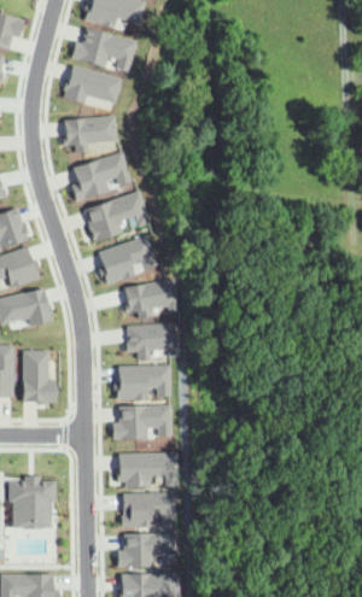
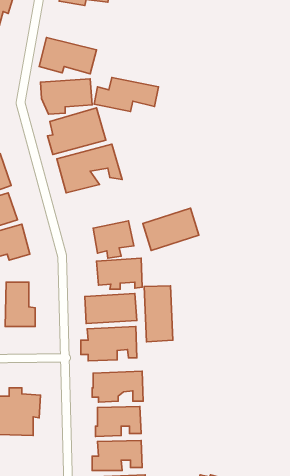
building: [64,30,139,70] -> [94,77,159,112]
building: [98,234,163,283] -> [143,208,199,251]
building: none -> [144,286,173,342]

